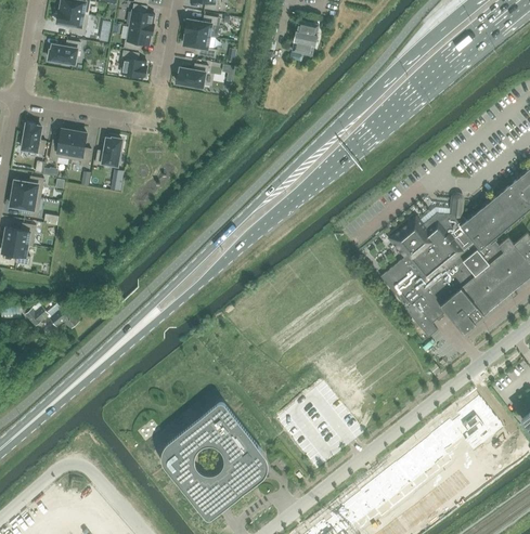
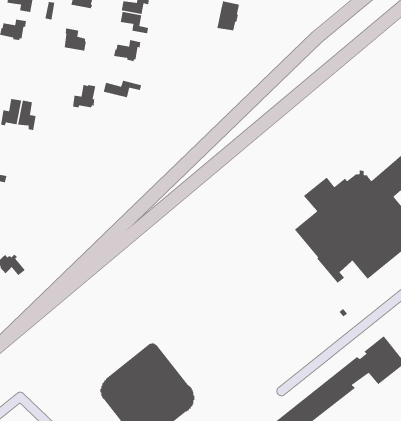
building: [125,25,153,50] -> none
building: none -> [102,80,142,98]
building: [95,138,122,165] -> [72,84,96,108]

